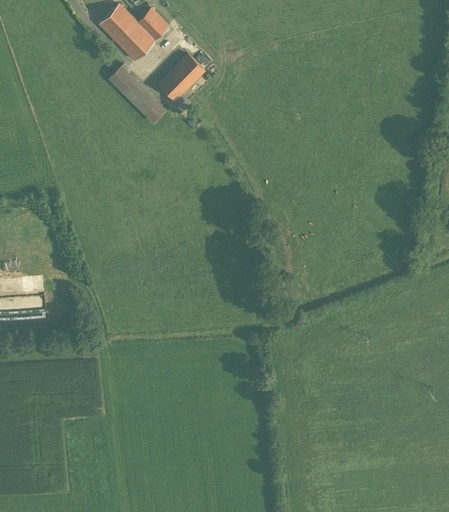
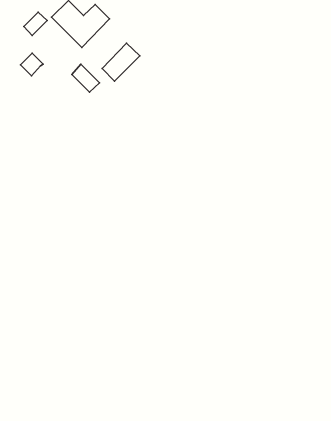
building: none -> [24,12,47,36]
building: [110,65,137,92] -> [20,53,43,76]

